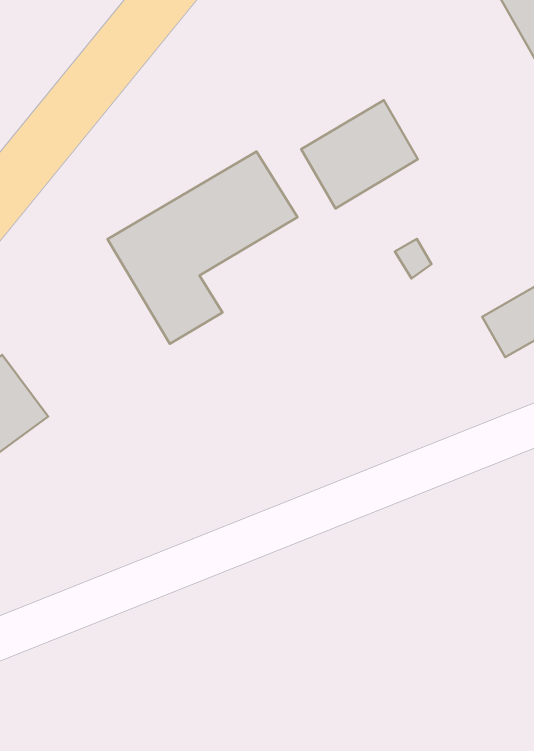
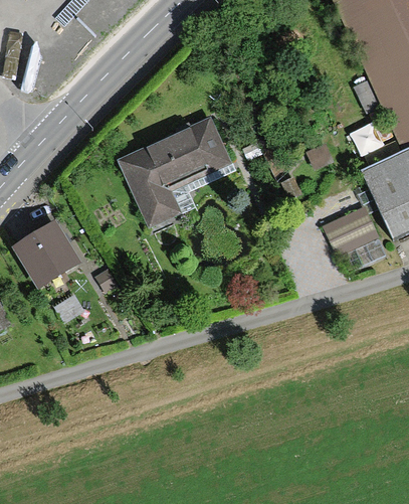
building: [301,100,418,208] -> none

